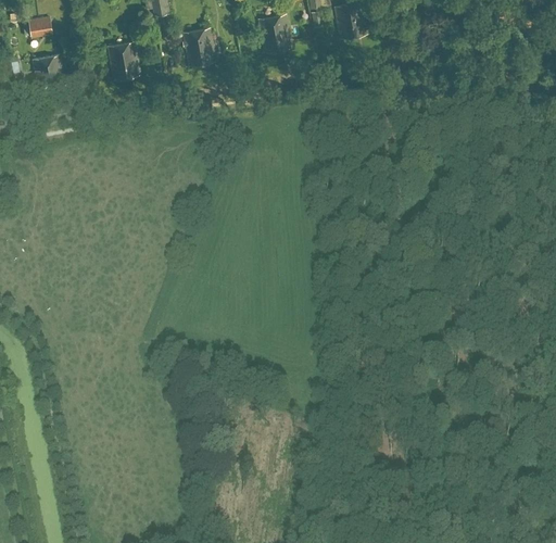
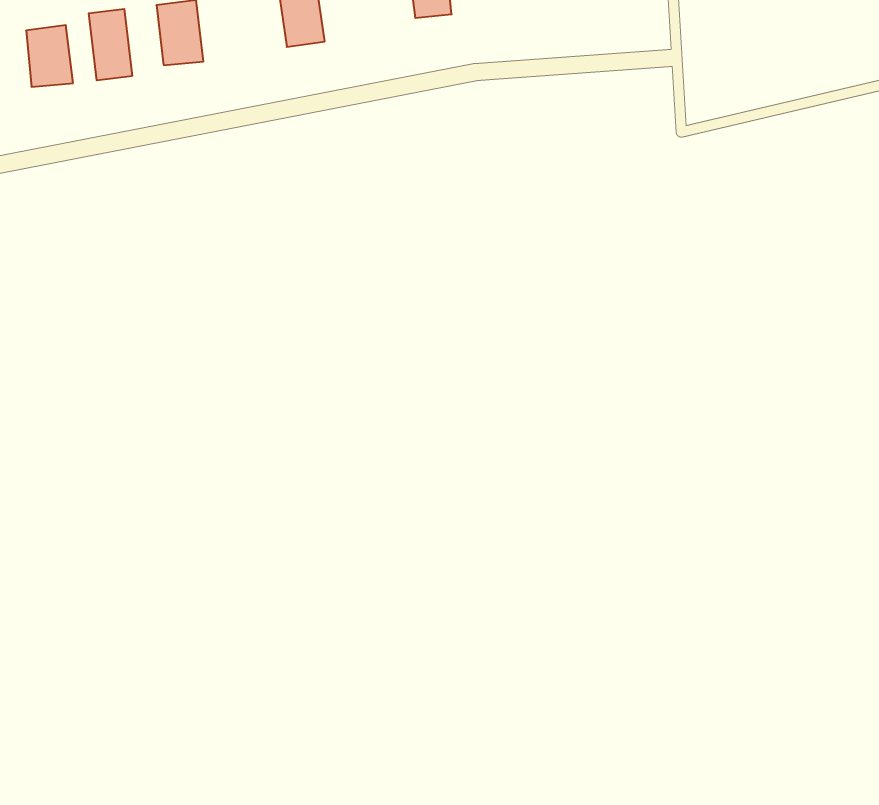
building: none -> [89,9,132,80]

